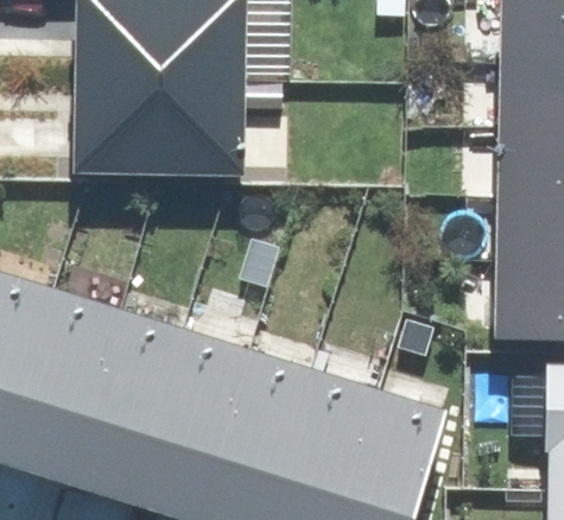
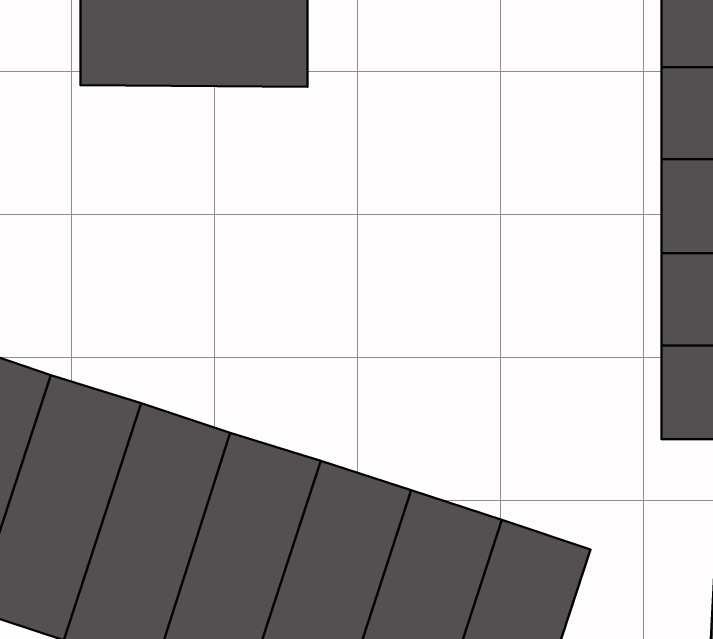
building: [80,81,245,175] -> none

